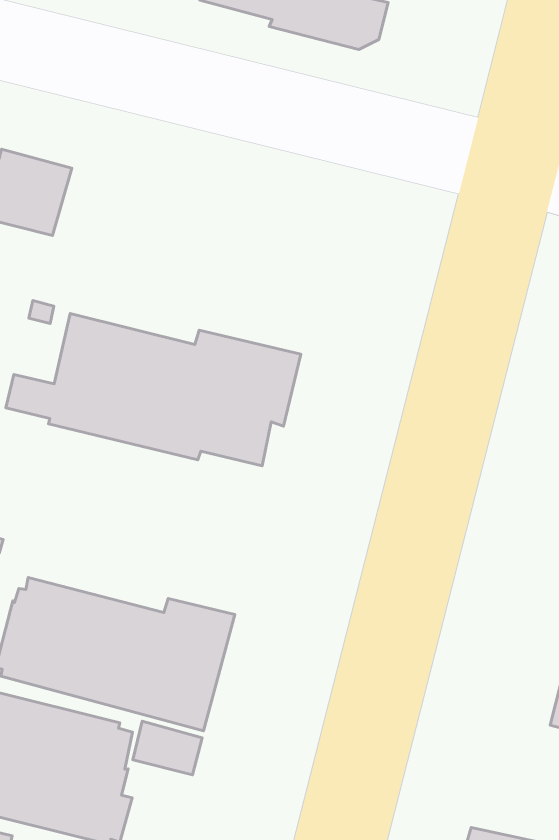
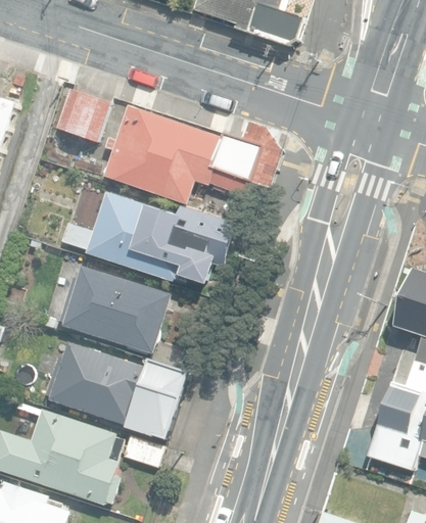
building: none -> [103,106,264,203]
building: none -> [58,266,172,354]

